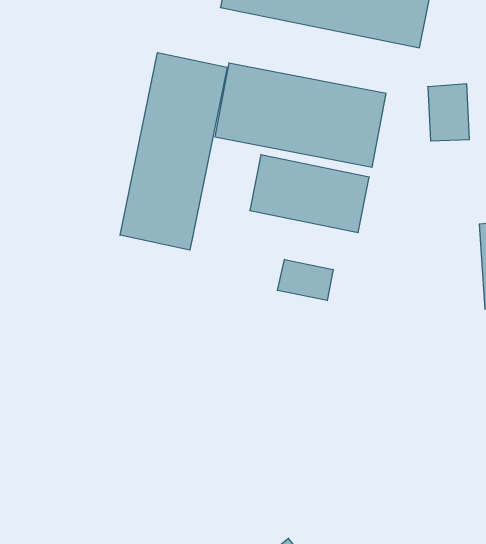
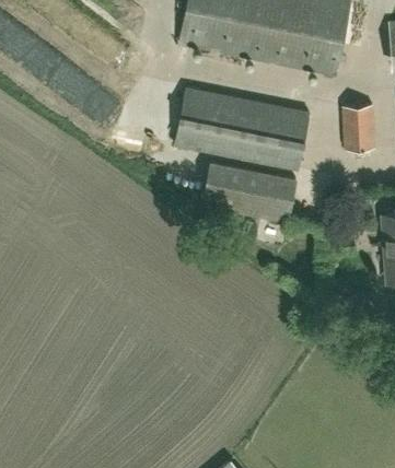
building: [120,53,227,250] -> none
building: [277,259,333,301] -> none

